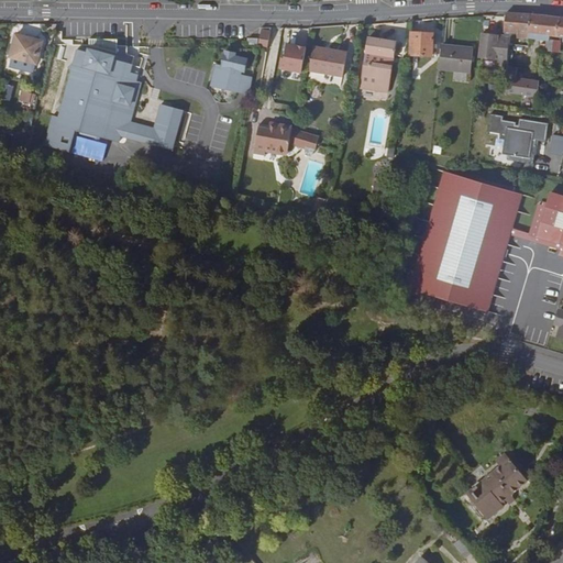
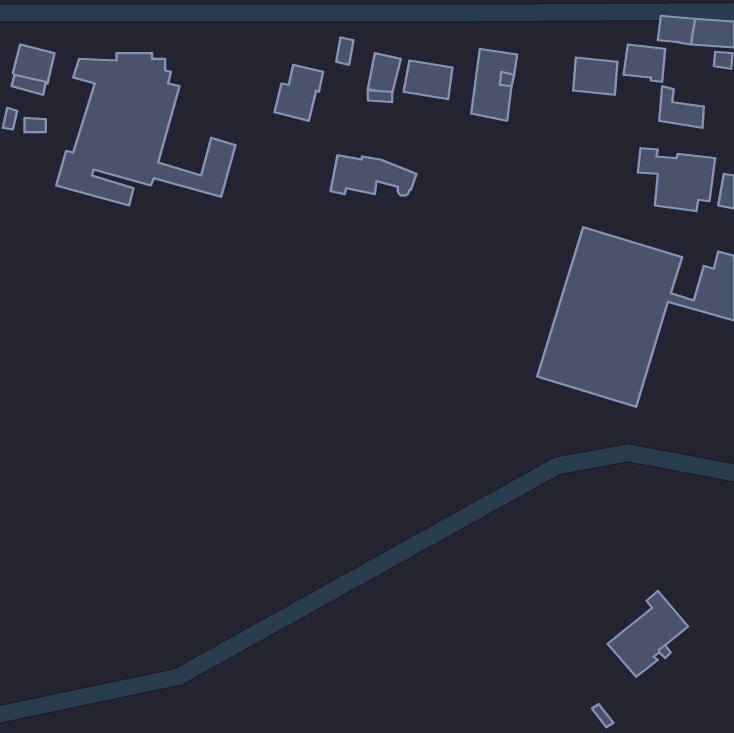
building: [409,32,433,55] -> none

